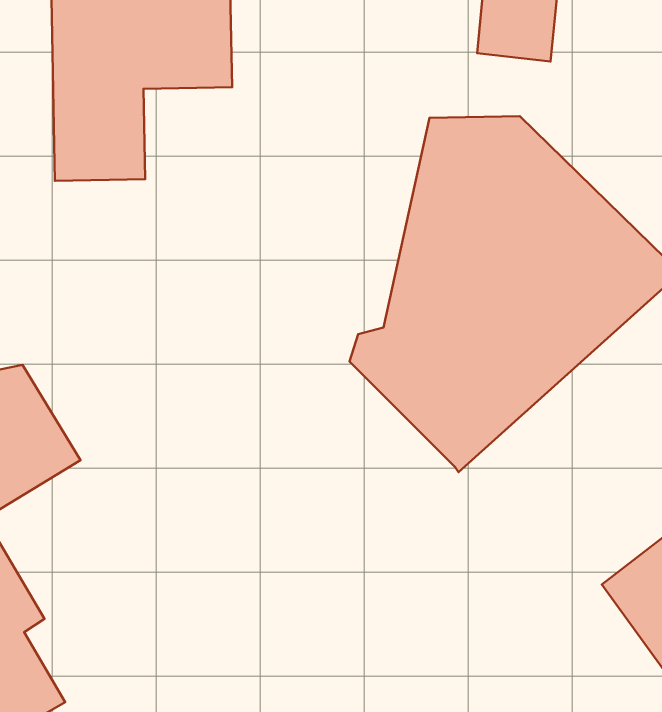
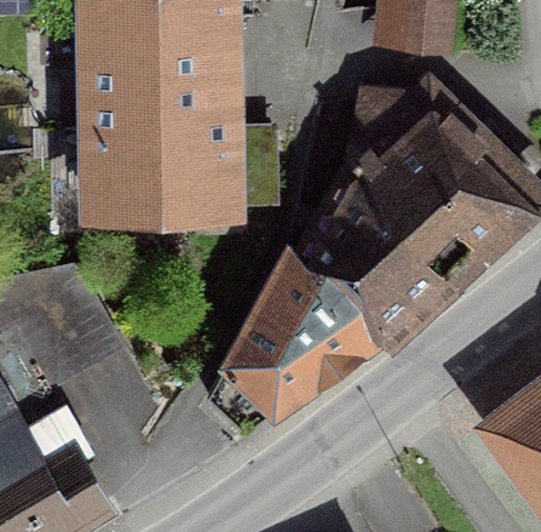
building: none -> [94,74,224,210]
building: none -> [206,253,380,436]

